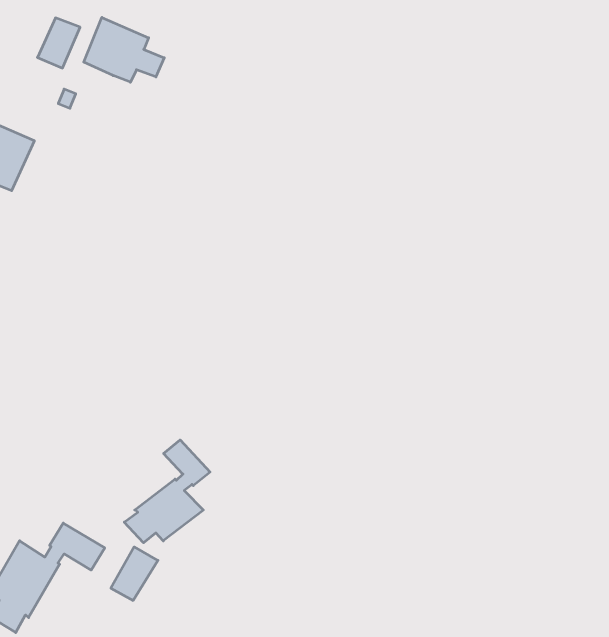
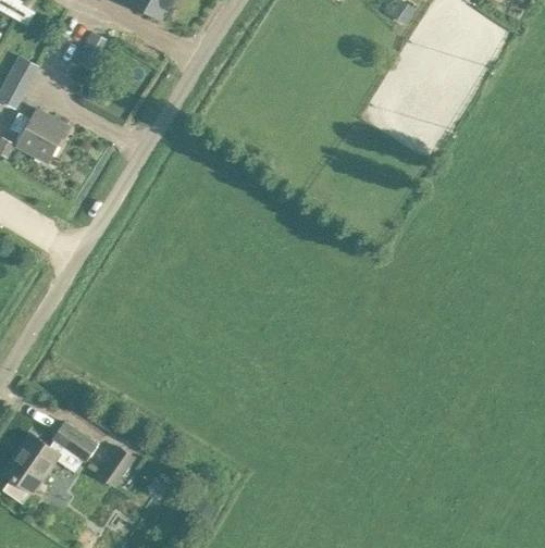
building: [84,17,164,82] -> none
building: [124,440,210,543] -> none

